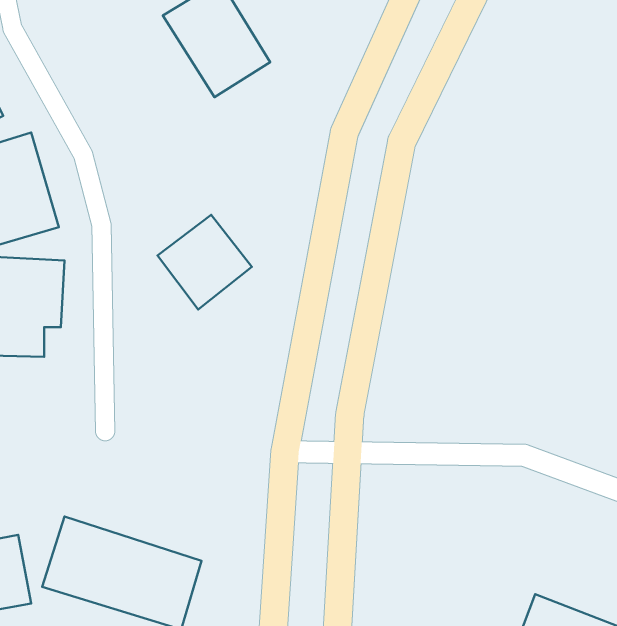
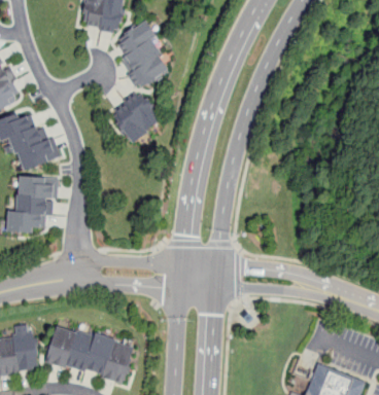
building: [157,215,252,309] -> [108,92,161,144]

